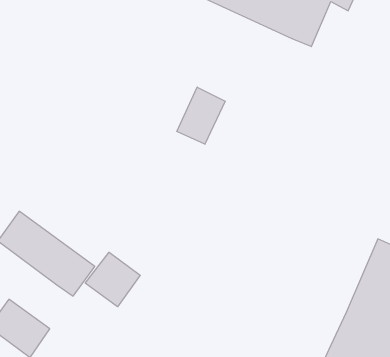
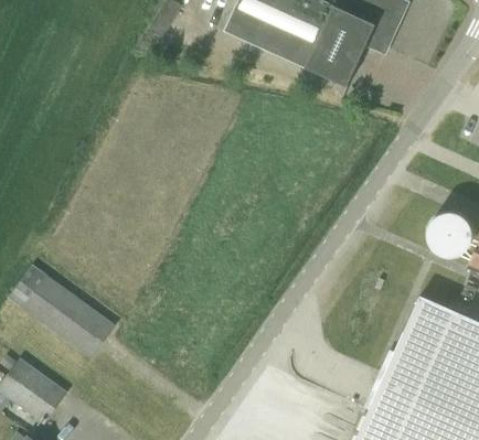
building: [177,87,225,144] -> none
building: [85,252,140,307] -> none

